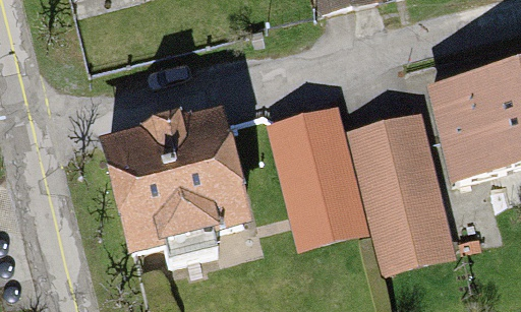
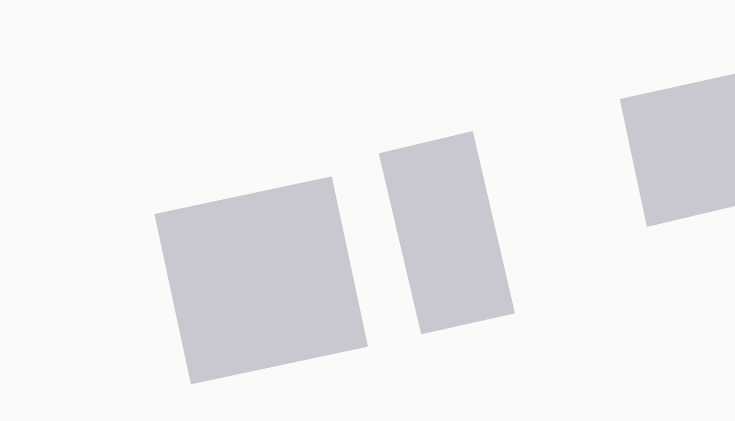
building: [348,101,451,260] -> none

